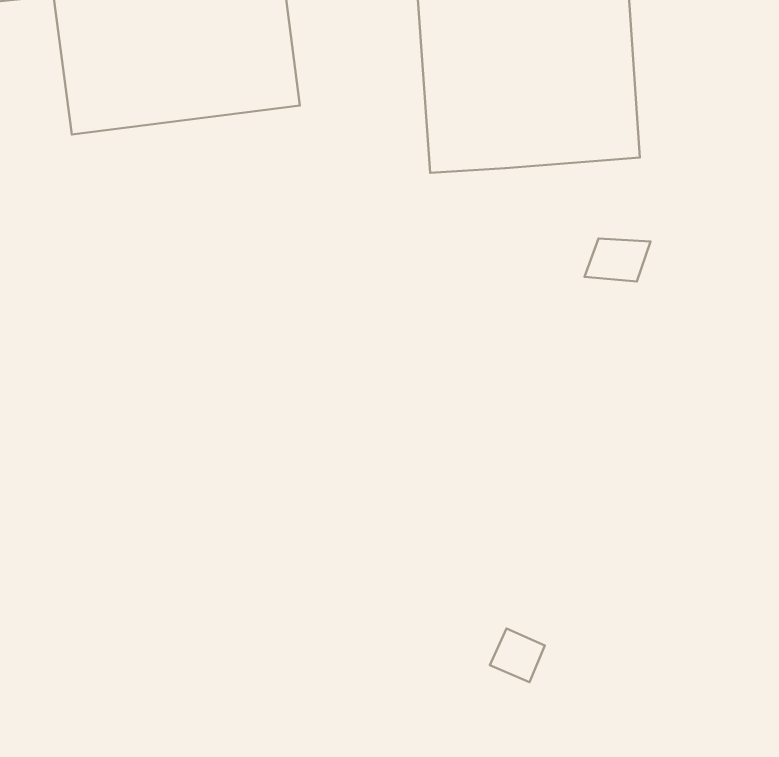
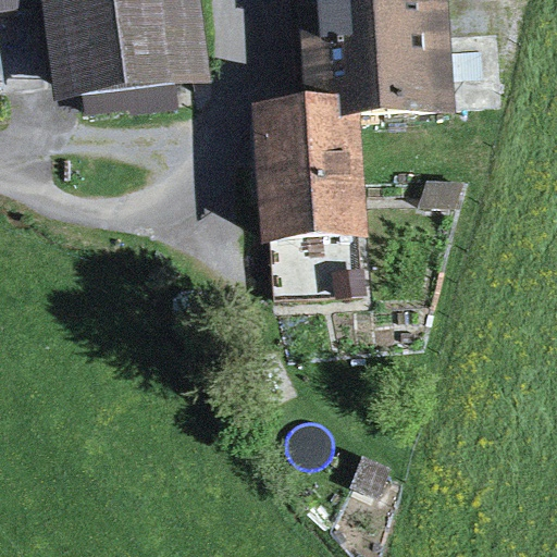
building: none -> [252,120,369,298]

